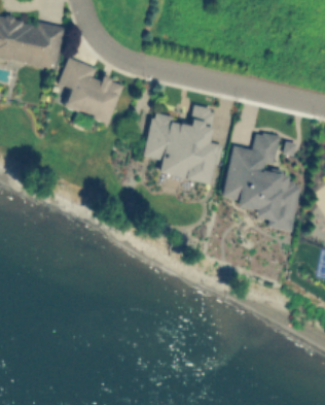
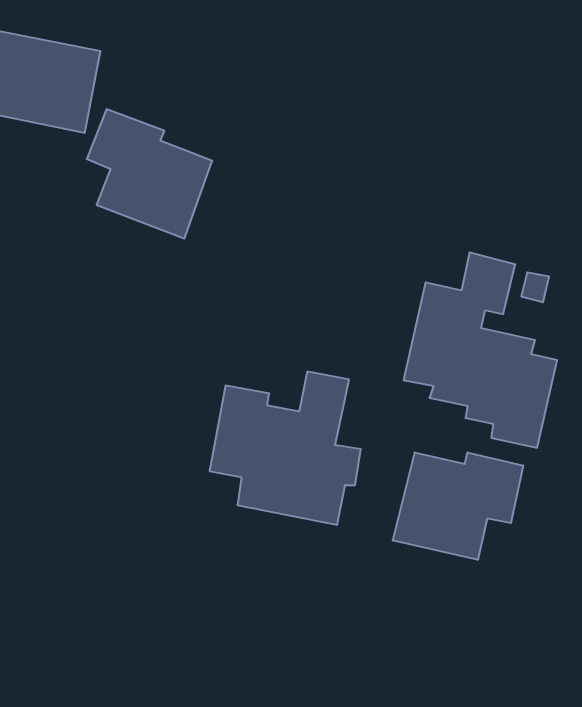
building: [143,104,221,183] -> [210,372,361,525]
building: none -> [393,452,523,560]

